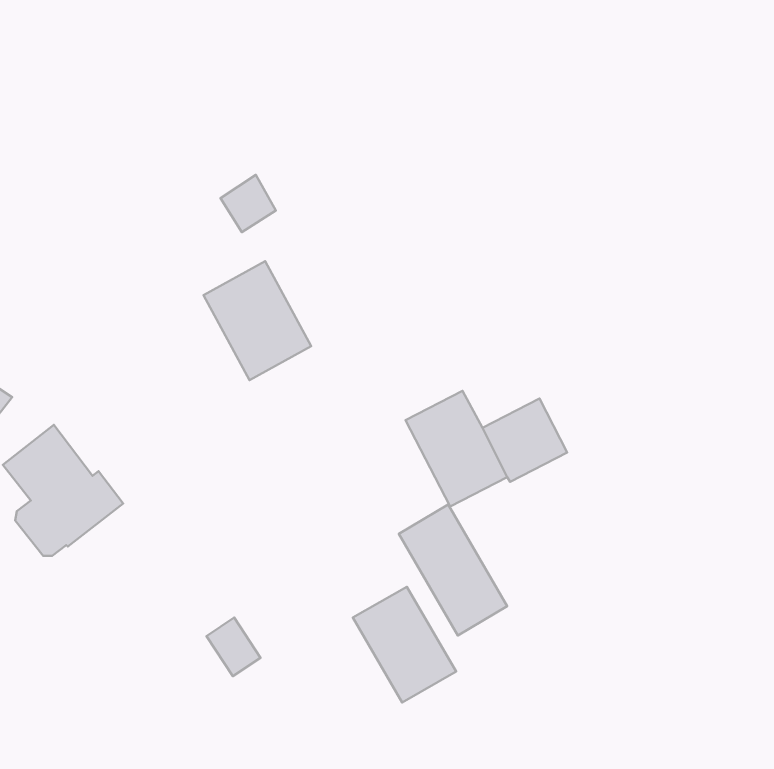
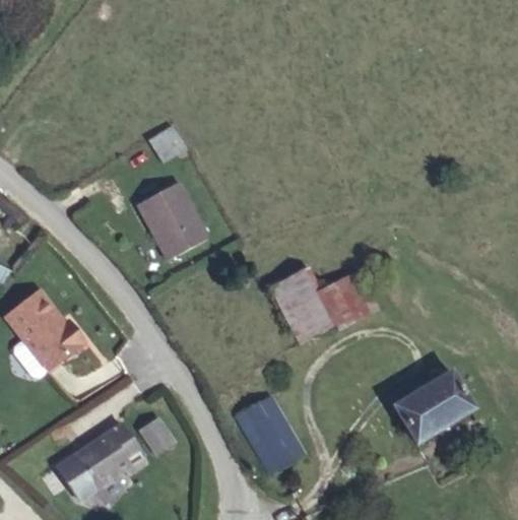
building: [399,505,507,635] -> none
building: none -> [393,371,473,443]
building: none -> [56,424,145,499]

